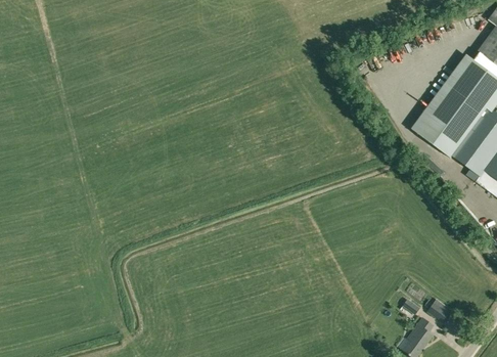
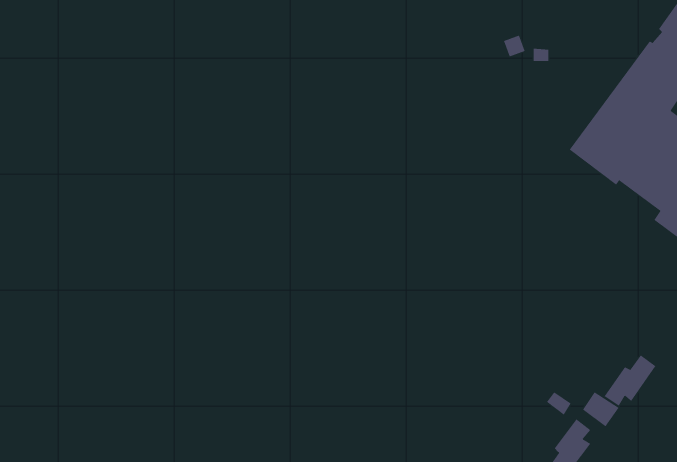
building: none -> [604,355,656,406]

